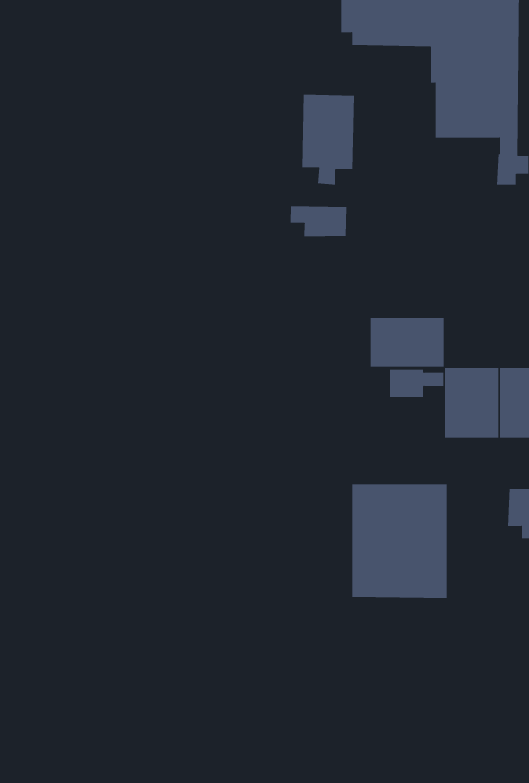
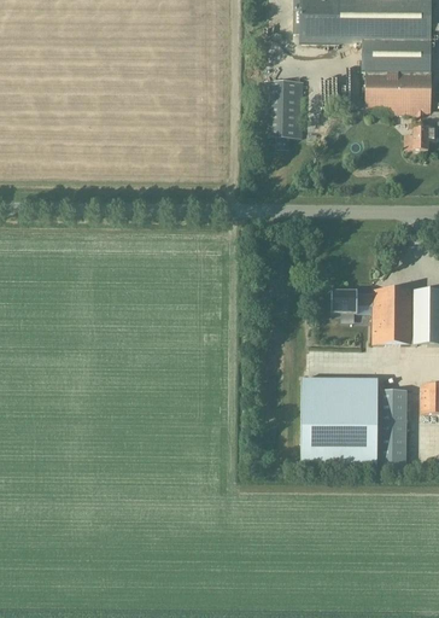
building: [290,205,347,237] -> none
building: [370,317,444,368] -> none
building: none -> [379,389,406,467]

